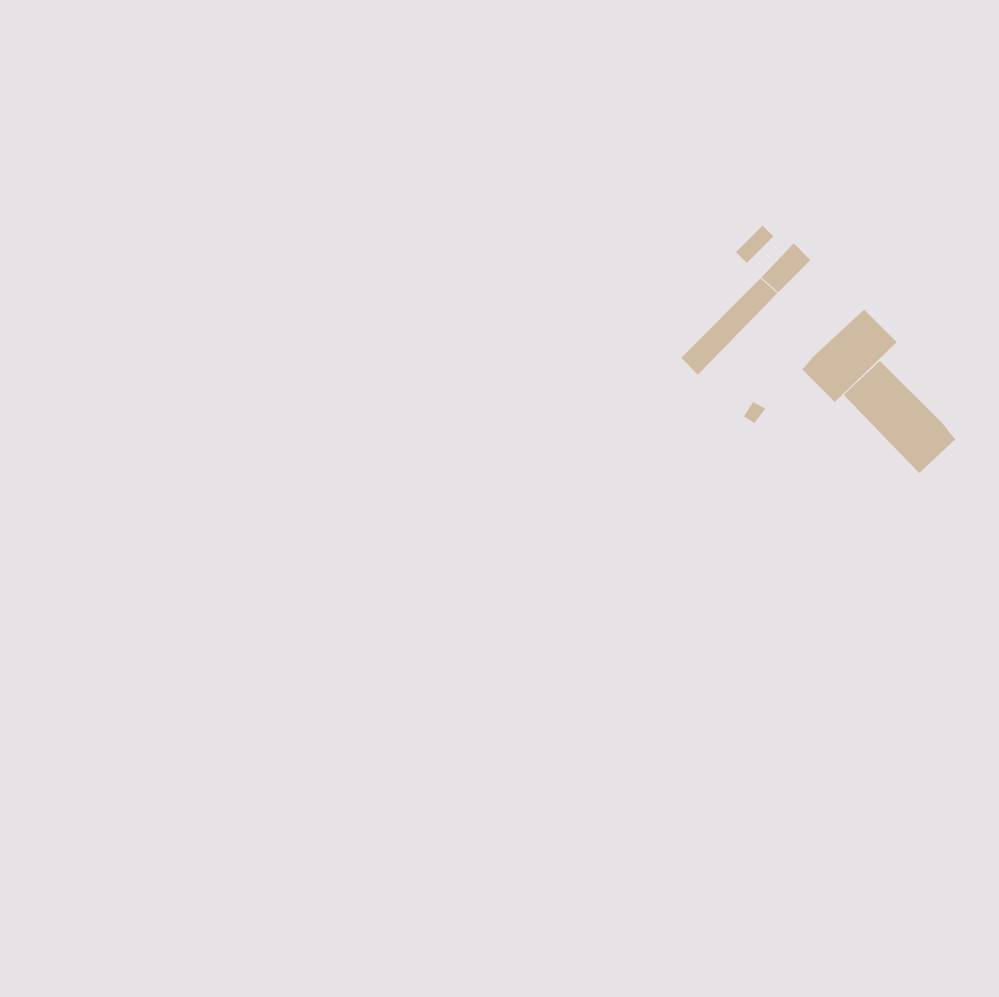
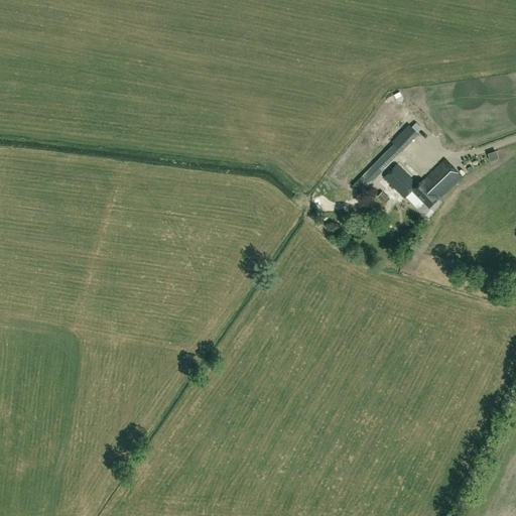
building: none -> [384,165,418,200]
building: [843,360,956,474] -> none

